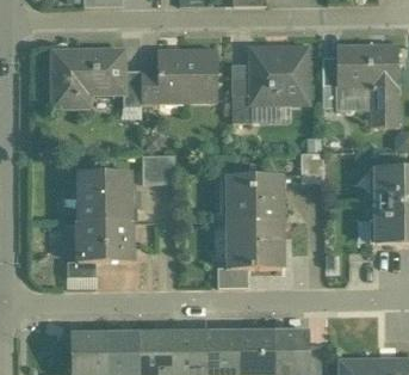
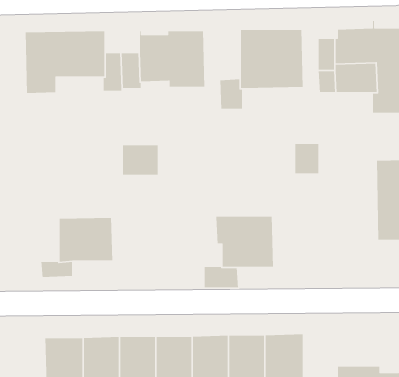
building: [76,171,132,222] -> none
building: [228,174,280,220] -> none

